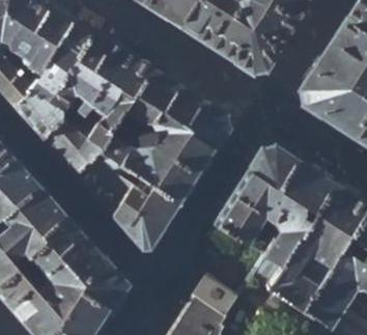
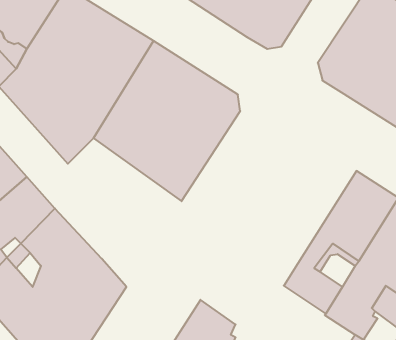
building: [214,145,331,263] -> none
building: [76,152,176,250] -> none
building: [193,278,236,317] -> none

